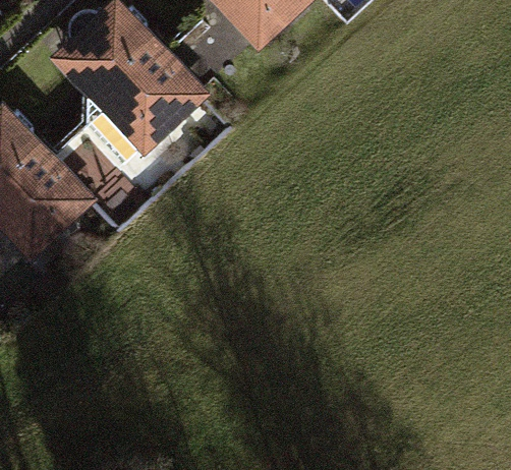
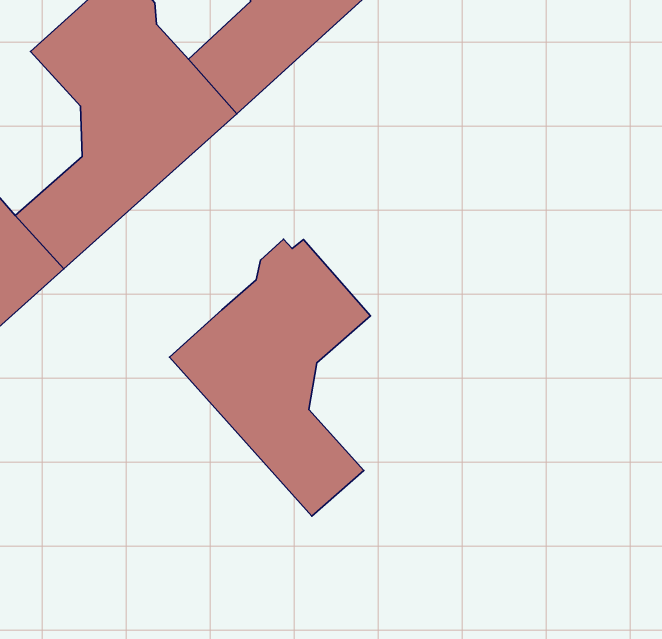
building: none -> [170,239,371,516]

